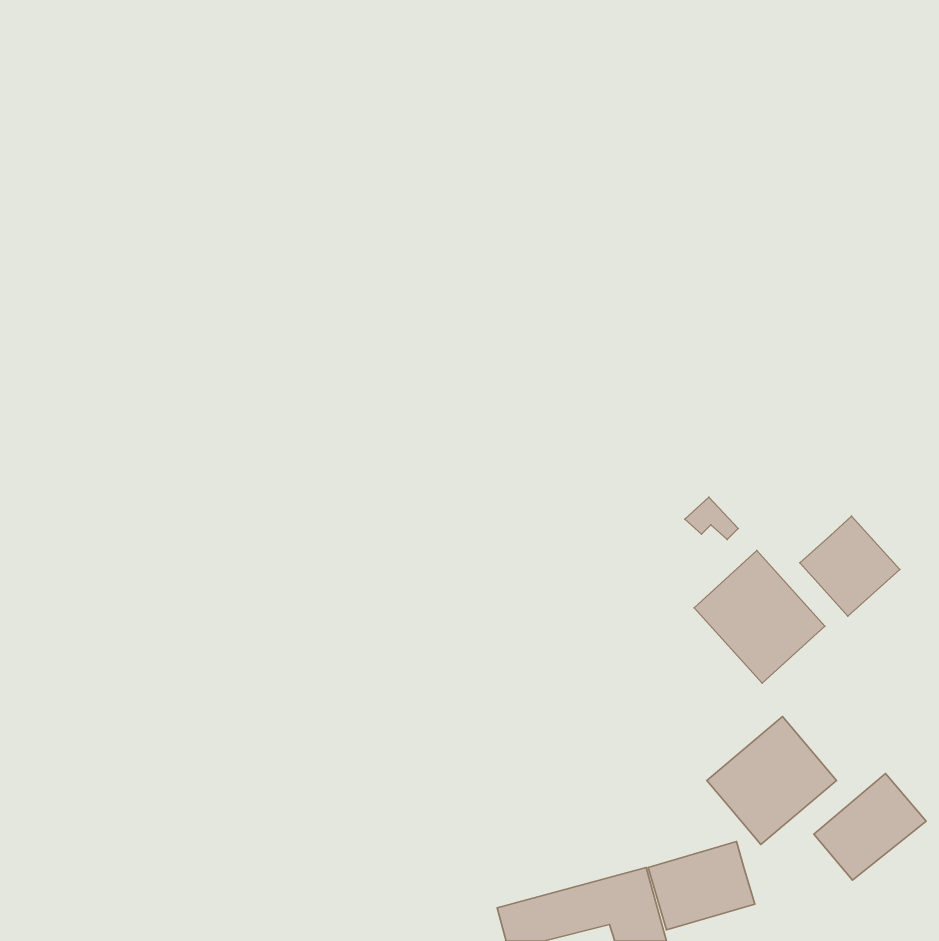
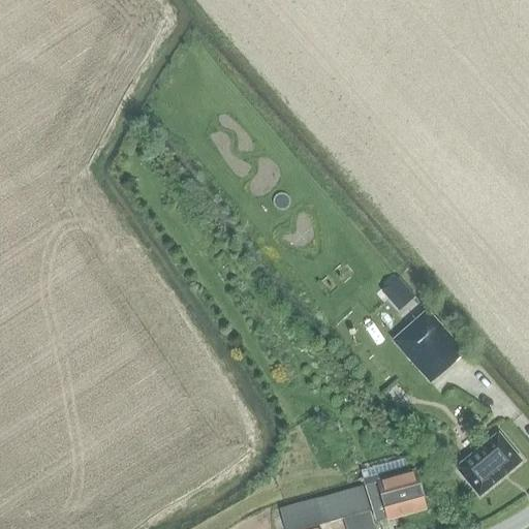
building: [800,516,900,616] -> none
building: [707,716,836,845] -> none

